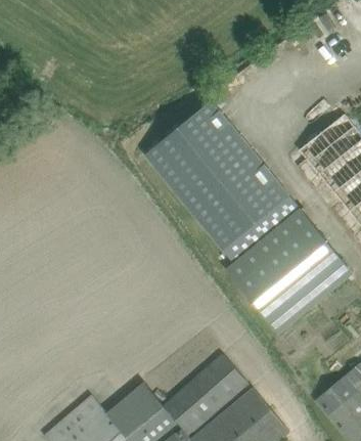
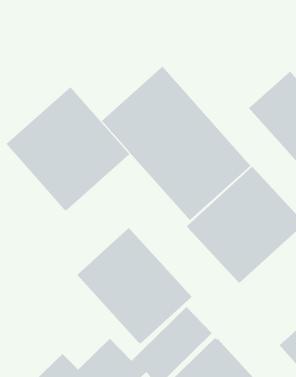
building: none -> [6,87,130,211]
building: none -> [77,227,193,345]

